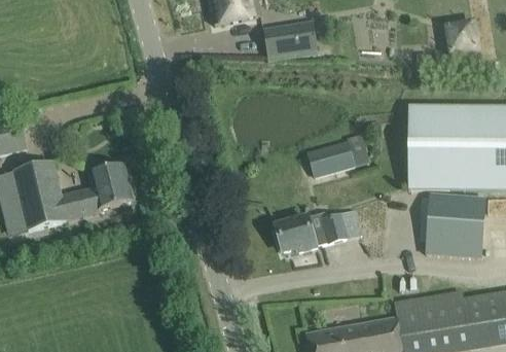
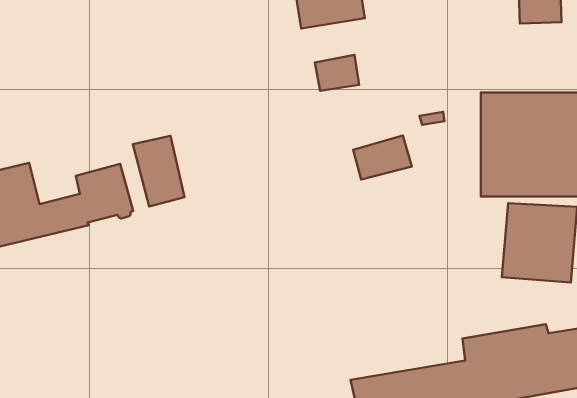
building: none -> [315,55,359,91]
building: none -> [133,136,185,206]
building: [276,209,349,250] -> none

